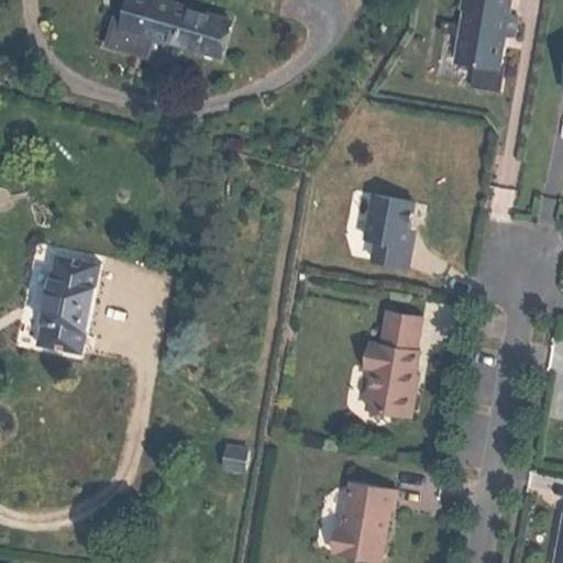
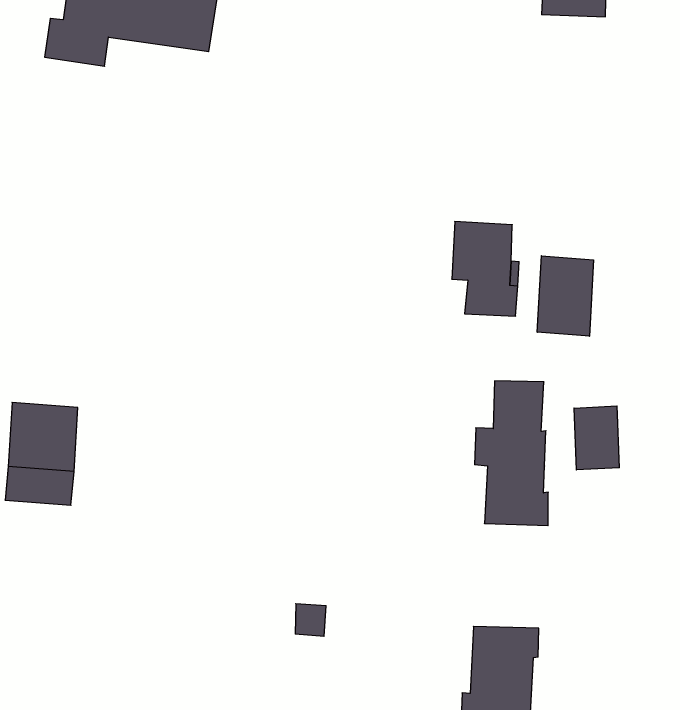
building: none -> [537,256,593,336]
building: [49,257,100,290] -> none
building: none -> [574,406,619,470]

